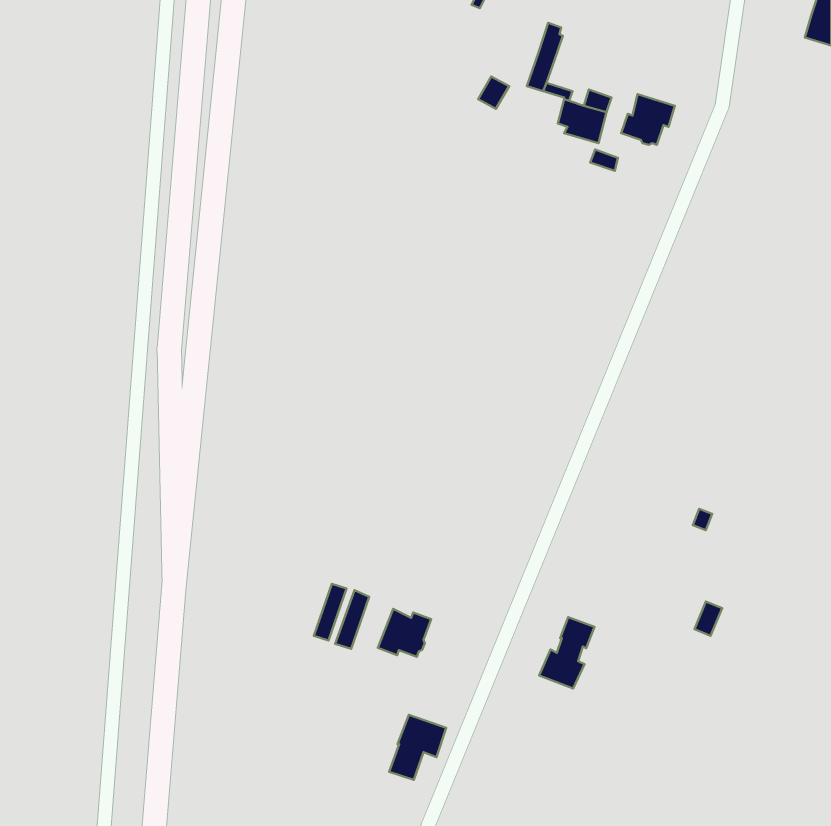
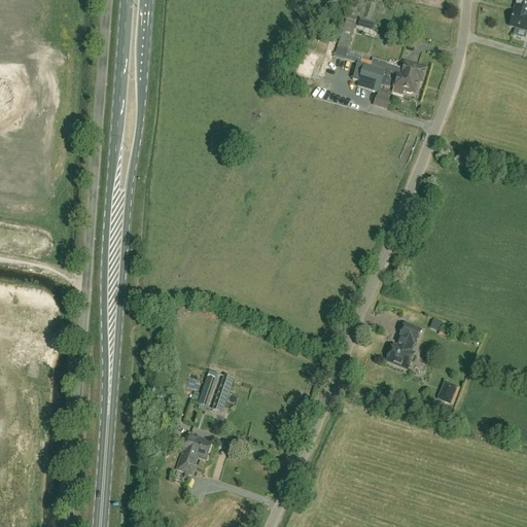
building: [378,609,431,657] -> none
building: [539,617,594,689] -> [386,322,421,367]
building: [389,715,446,780] -> [176,432,212,473]

